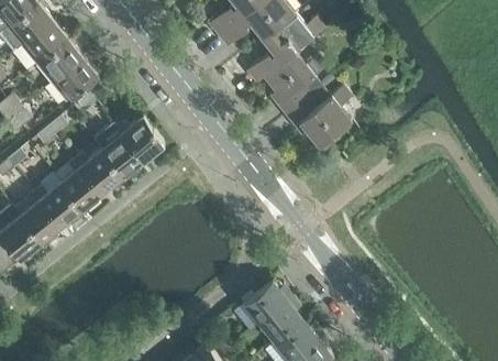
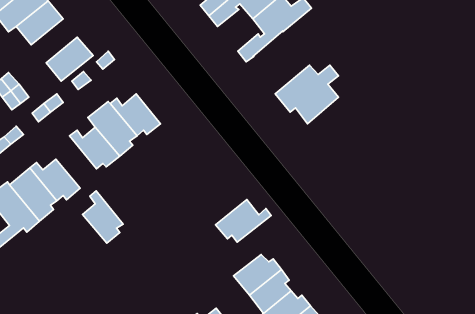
building: [34,40,81,85] -> none
building: [262,52,323,117] -> none
building: [59,160,101,214] -> [82,191,123,243]
building: none -> [215,200,271,242]

